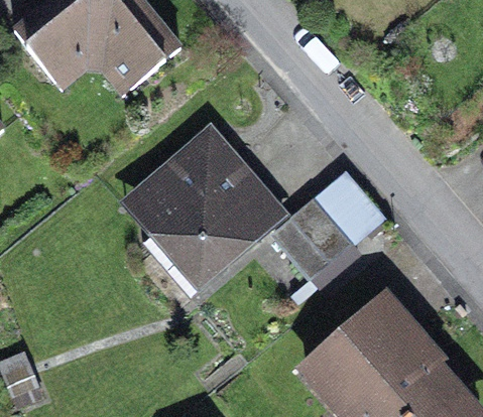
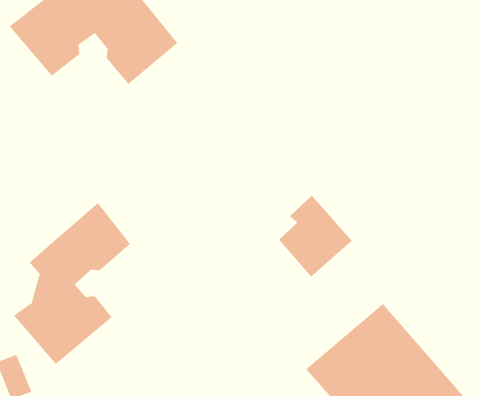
building: [136,130,284,295] -> none
building: none -> [13,202,131,365]

